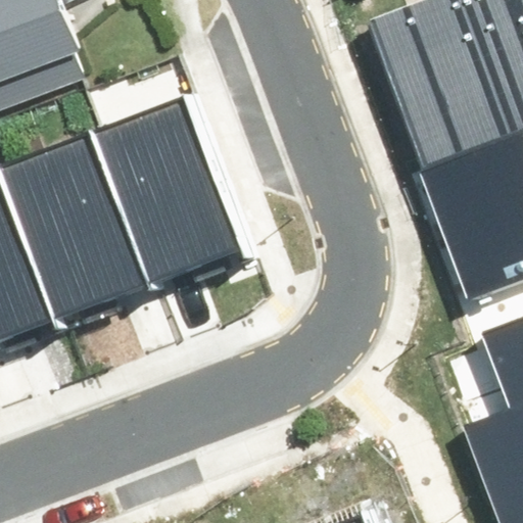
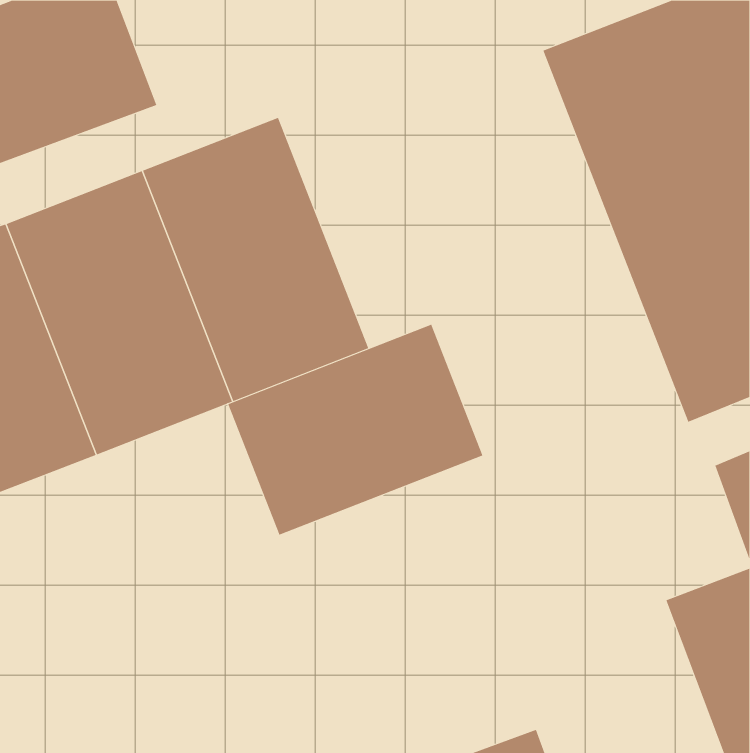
building: none -> [228,324,483,536]

